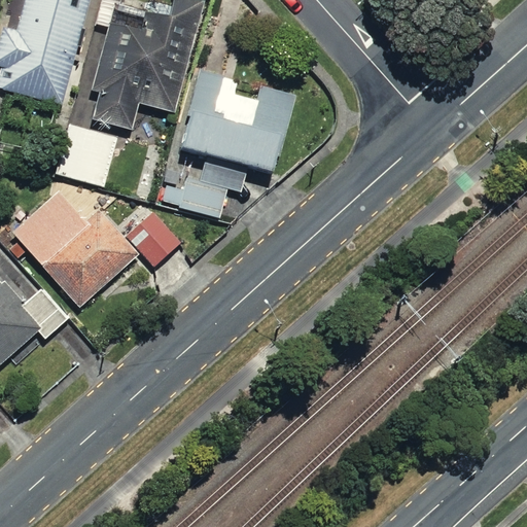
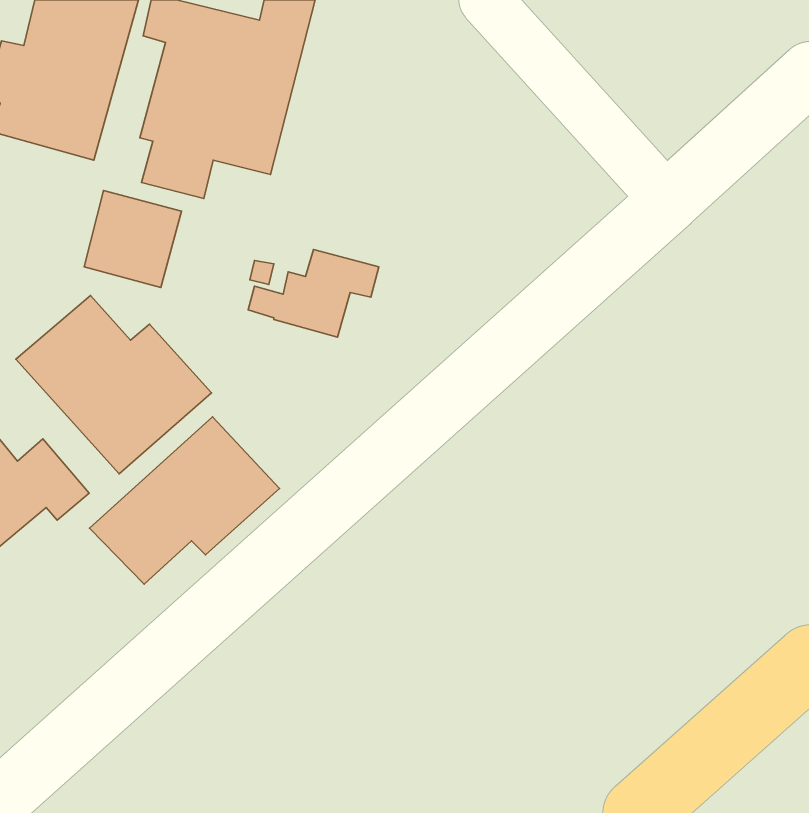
building: [177,69,295,173] -> none
building: [126,212,180,267] -> none
building: none -> [89,417,279,584]

